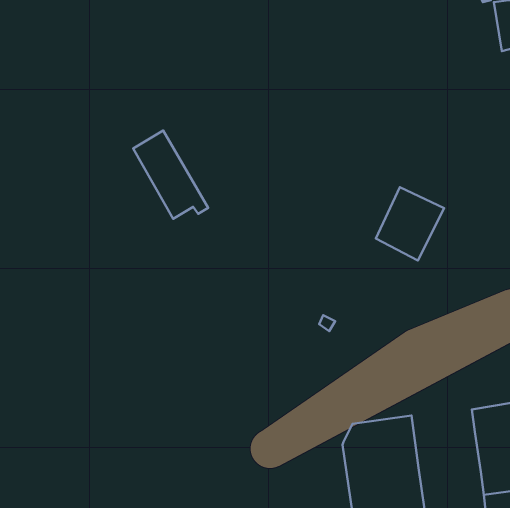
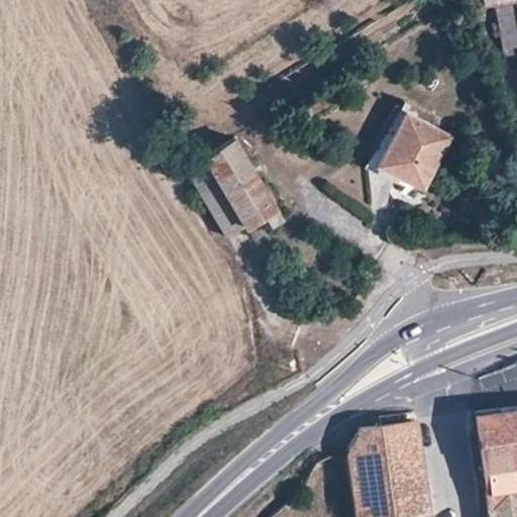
building: [133,130,208,219] -> [207,140,283,229]
building: [376,187,444,260] -> [381,115,449,189]

